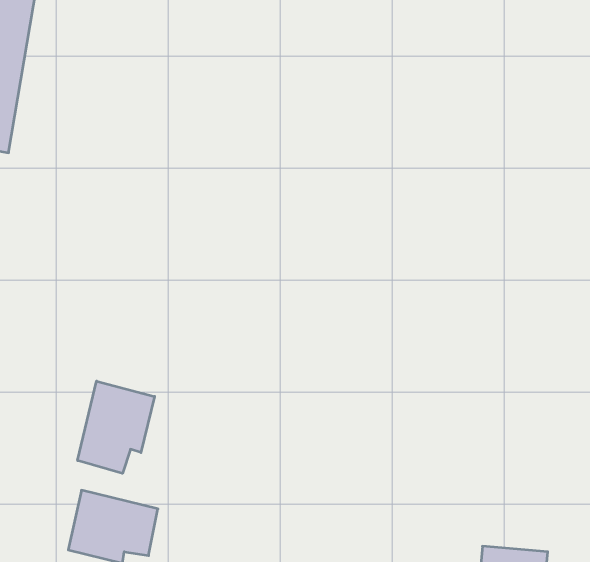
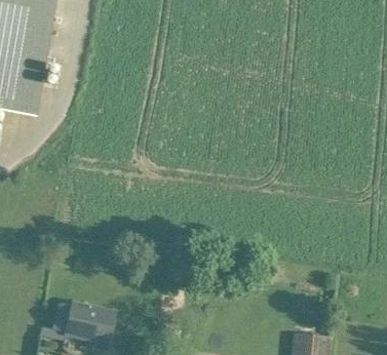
building: [78,381,155,473] -> none

